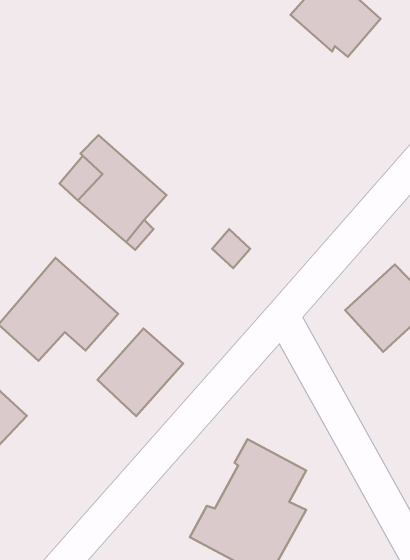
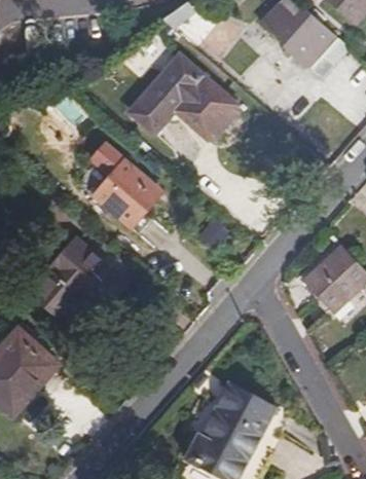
building: none -> [131,54,235,137]
building: [97,328,183,416] -> none

